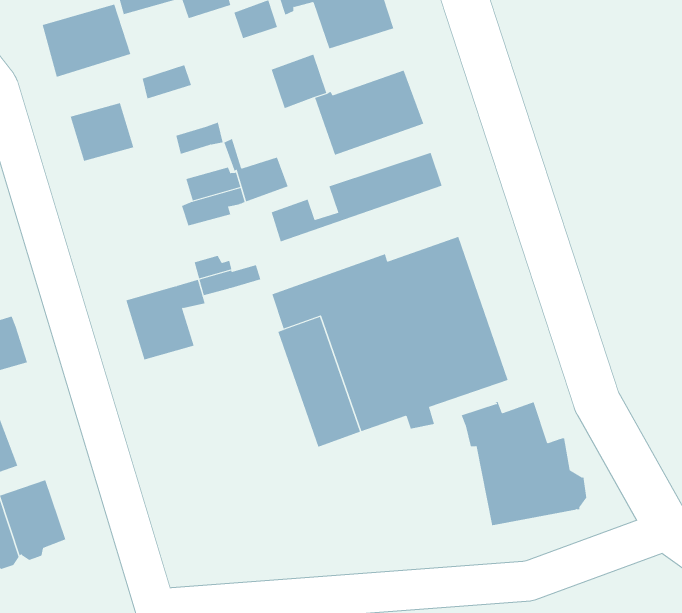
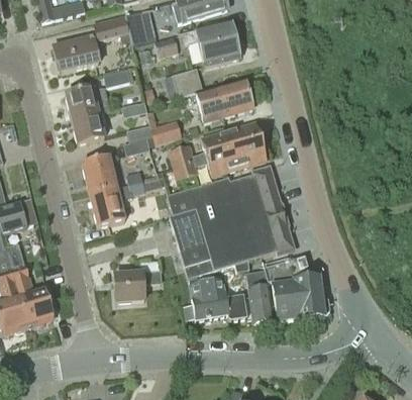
building: none -> [72,112,104,143]
building: none -> [174,141,267,179]
building: none -> [82,154,117,193]
building: none -> [246,270,274,322]
building: none -> [114,267,161,300]
building: none -> [185,278,247,318]

